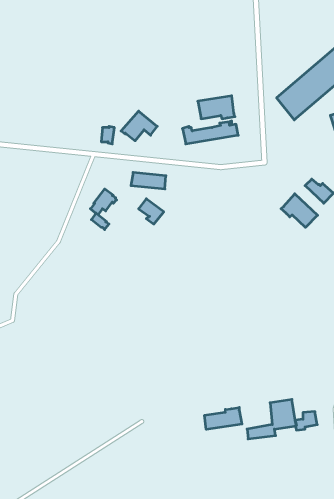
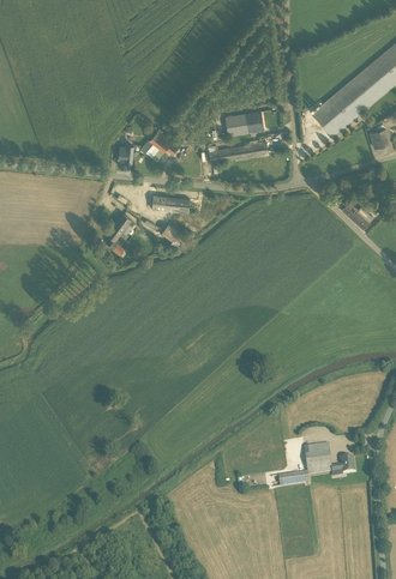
building: [281,194,318,227] -> none
building: [205,407,242,429] -> none

